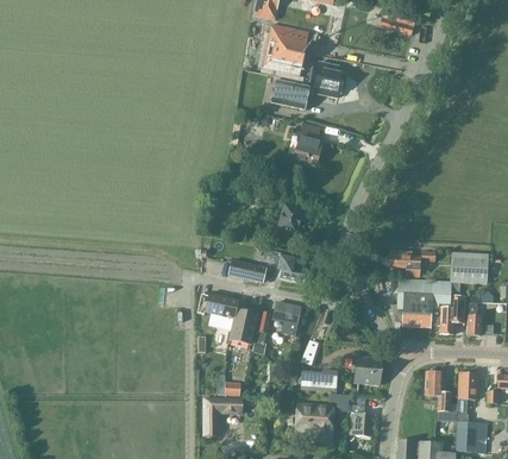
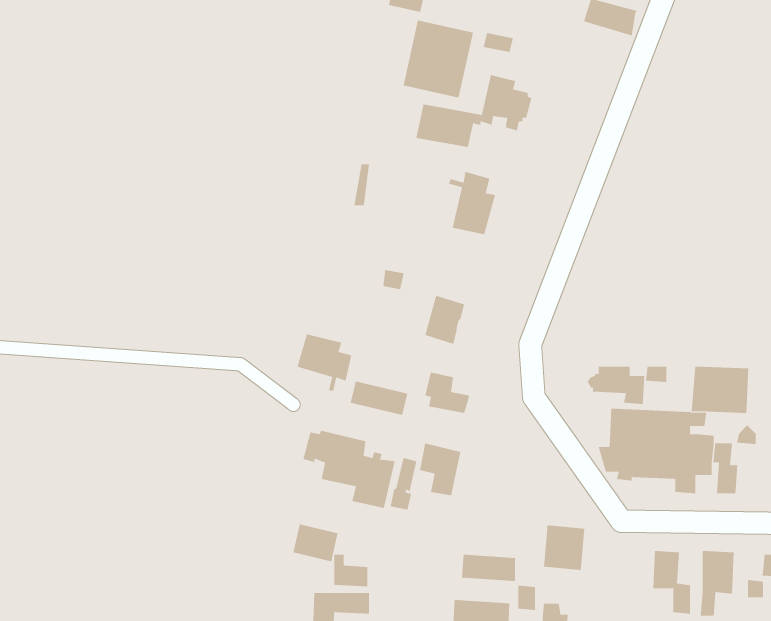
building: none -> [297,334,352,392]
building: none -> [293,523,338,562]

